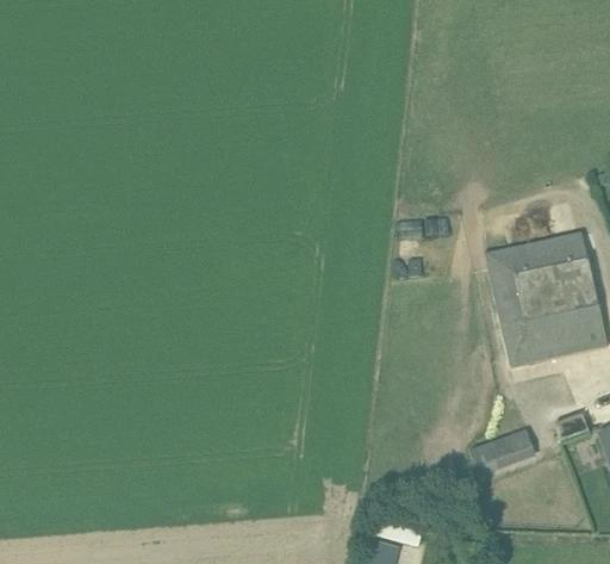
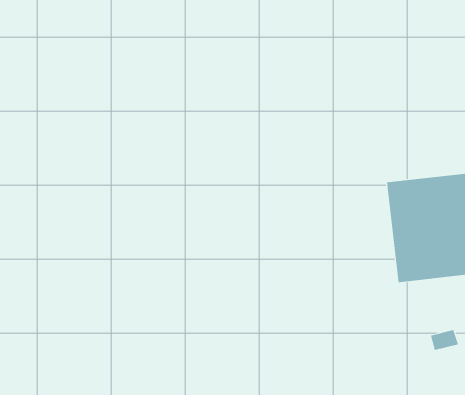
building: [468,427,536,477] -> none

